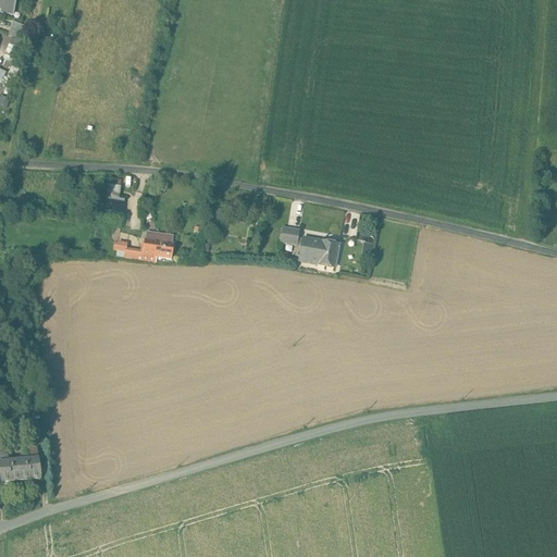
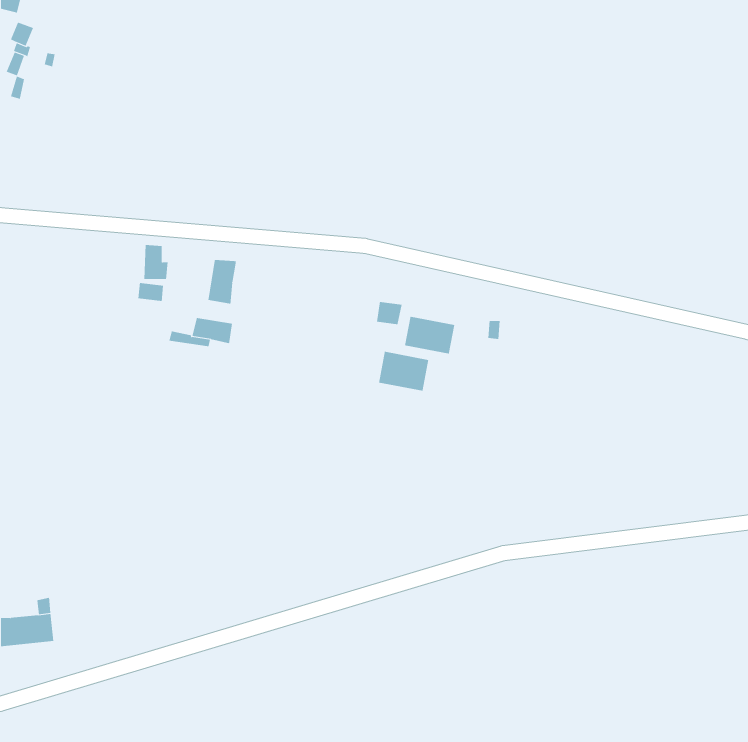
building: none -> [208,259,236,305]
building: none -> [379,351,429,392]

